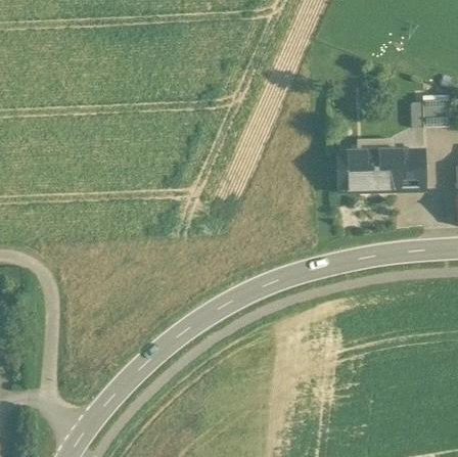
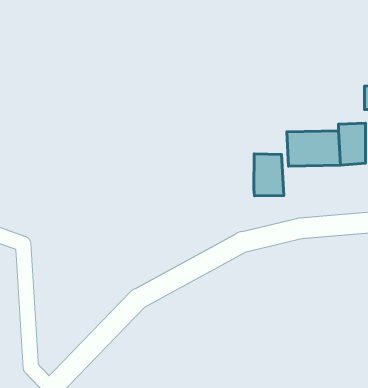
building: none -> [254,154,284,196]

